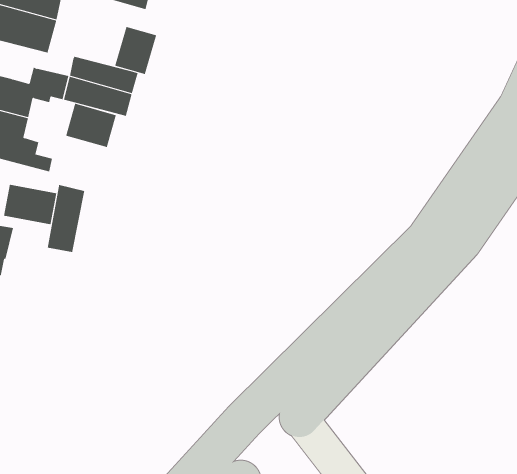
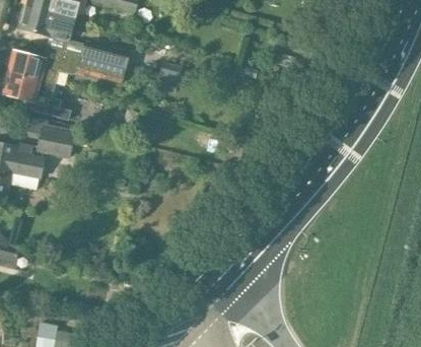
building: [115,26,157,75] -> none
building: [65,103,117,148] -> none
building: [47,184,85,253] -> none

